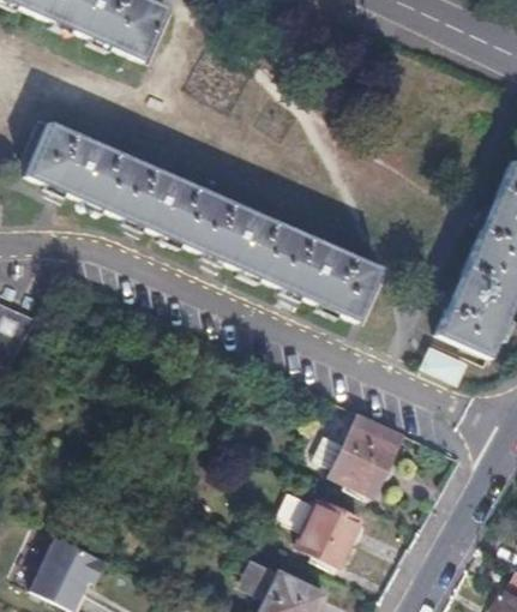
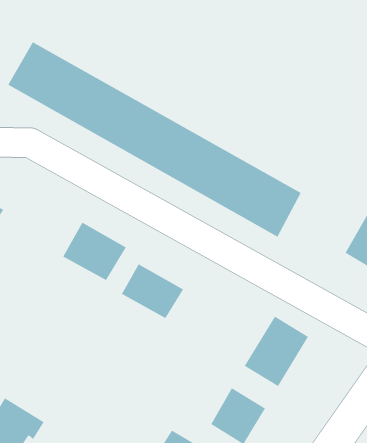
building: none -> [63,222,127,281]
building: none -> [121,264,184,319]

